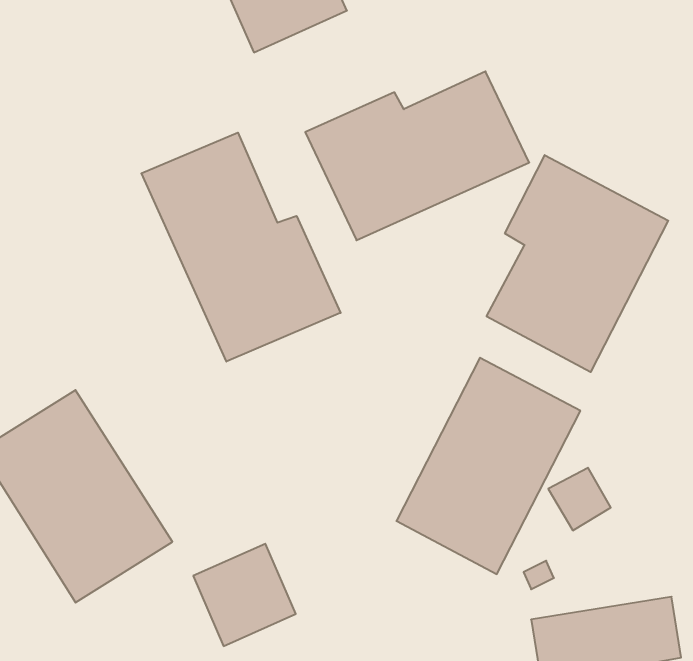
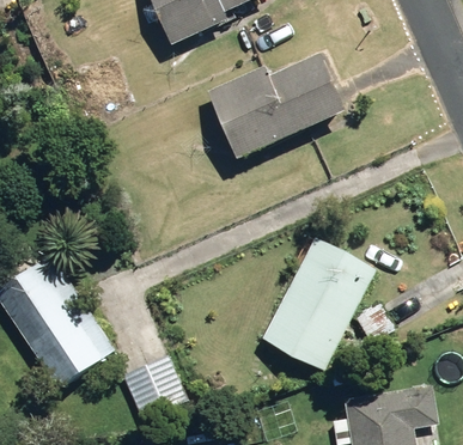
building: [141,133,341,362] -> none
building: [487,155,668,372] -> none

